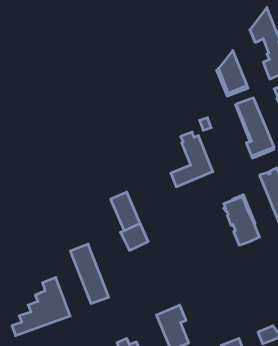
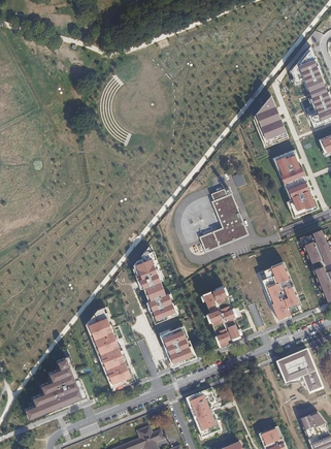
building: none -> [196,286,241,346]
building: none -> [158,328,191,366]
building: none -> [272,351,319,394]

